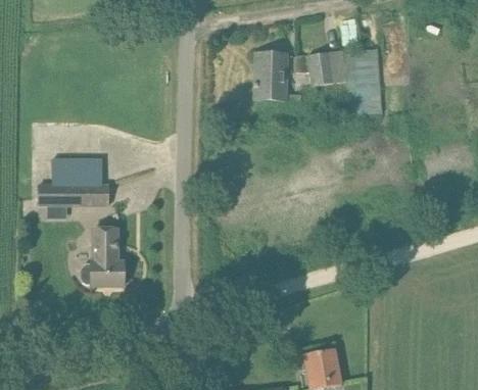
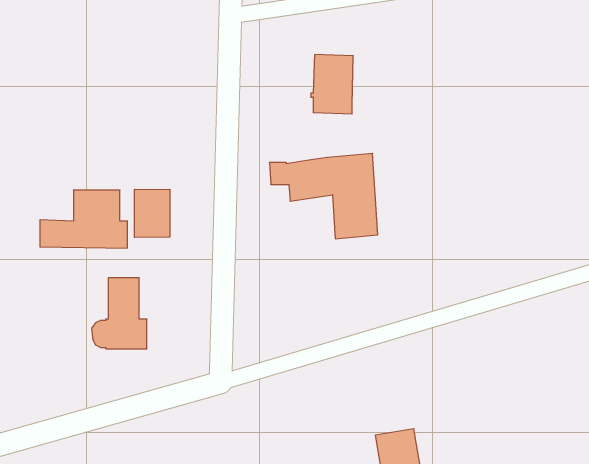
building: [296,47,382,114] -> [269,153,378,239]
building: none -> [134,189,170,237]

